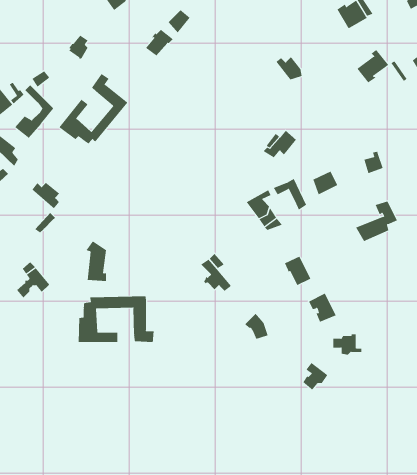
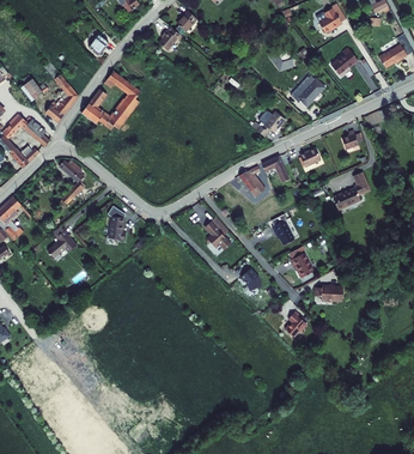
building: none -> [288,75,323,109]
building: [78,296,154,343] -> none

